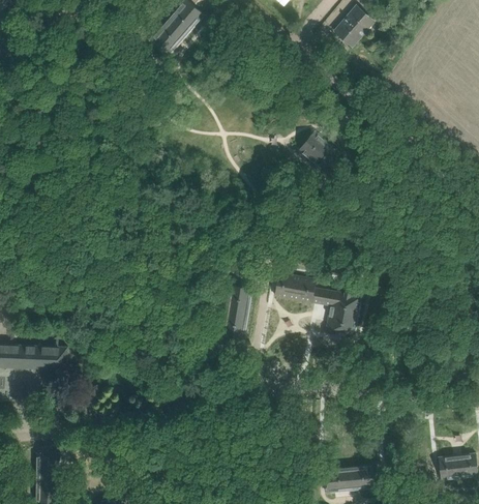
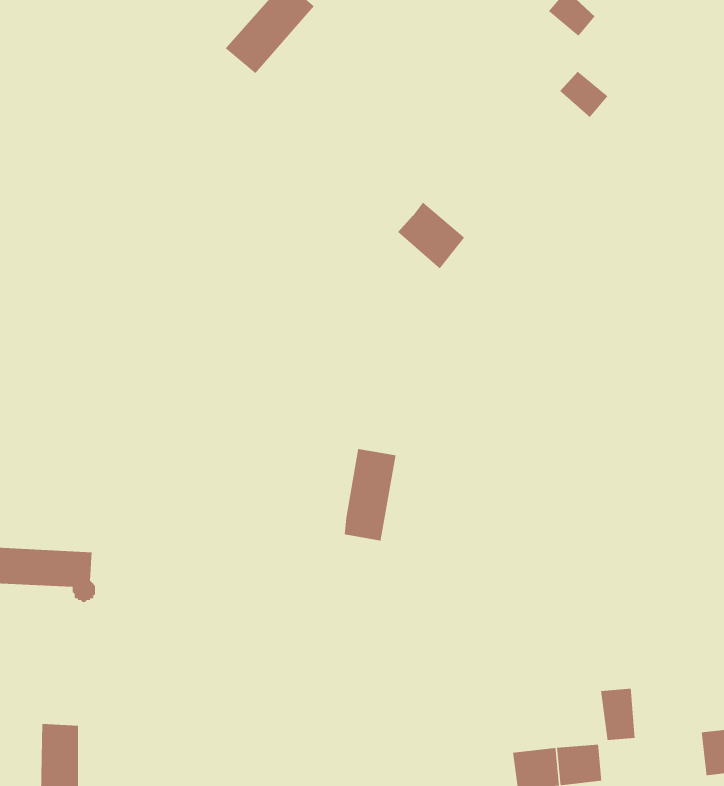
building: [333,19,363,48] -> [559,71,608,118]
building: [298,131,339,173] -> [397,202,465,270]
building: [274,273,361,337] -> none
building: none -> [600,688,636,741]

